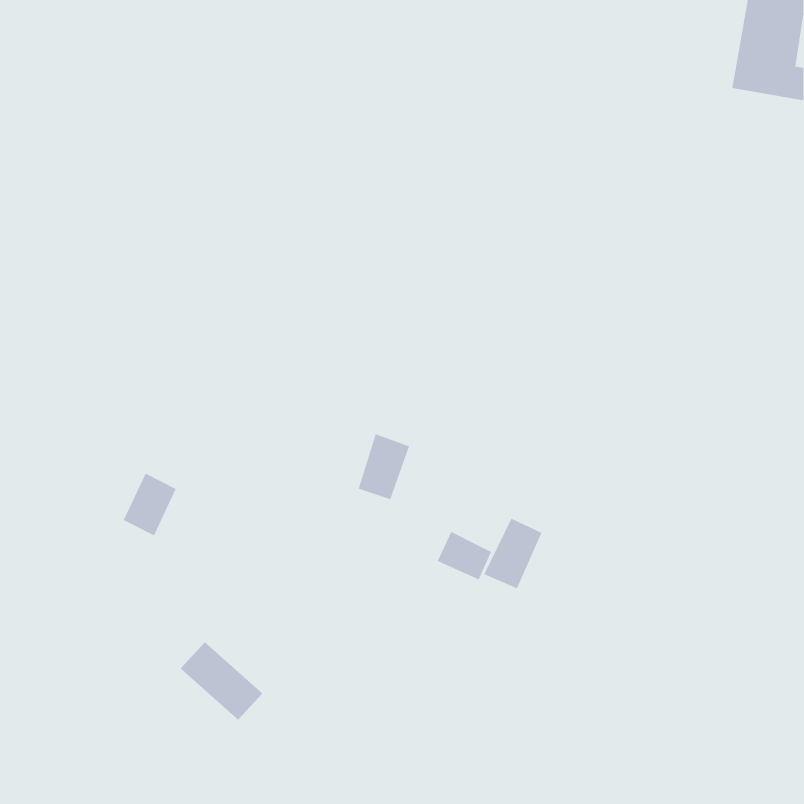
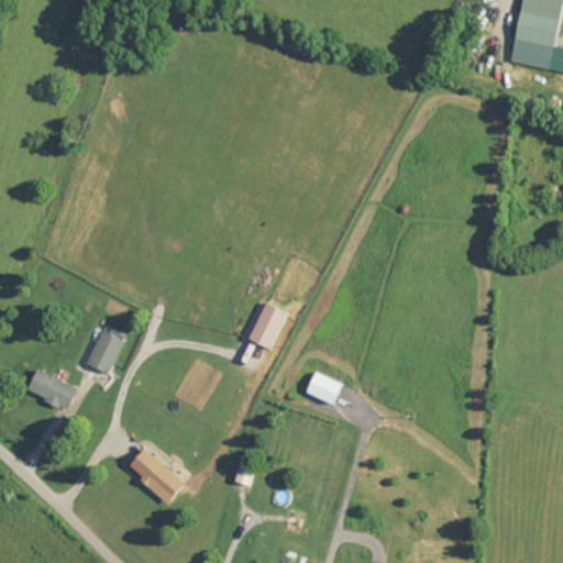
building: [484,518,542,589] -> none
building: none -> [25,368,76,409]

